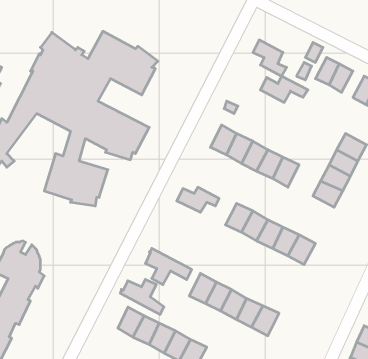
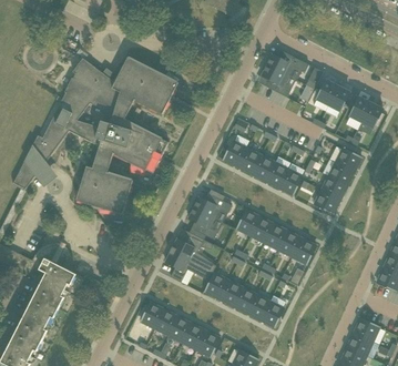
building: [260,76,308,102] -> [266,53,308,77]
building: none -> [187,209,217,241]
building: [120,279,164,314] -> [171,238,210,270]

